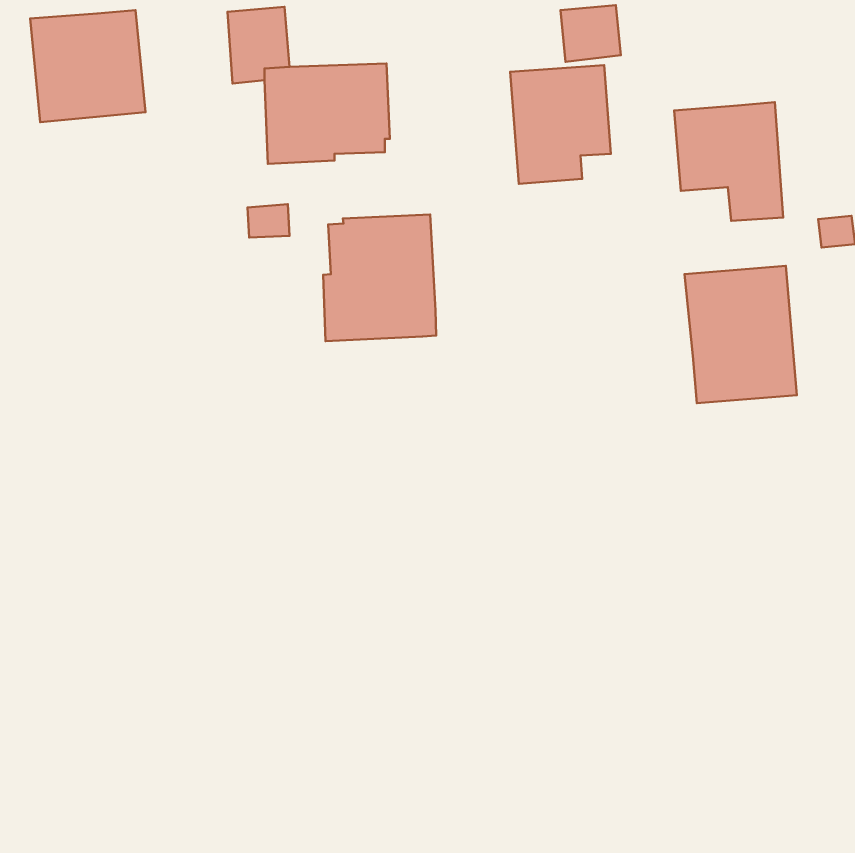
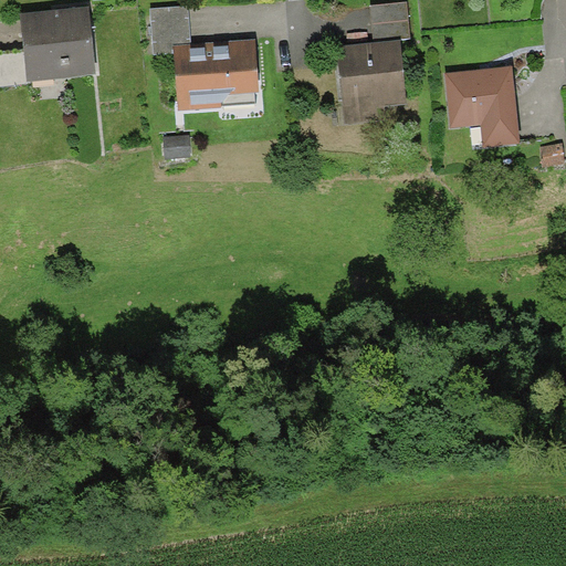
building: [323,215,436,341] -> none
building: [685,266,797,403] -> none

